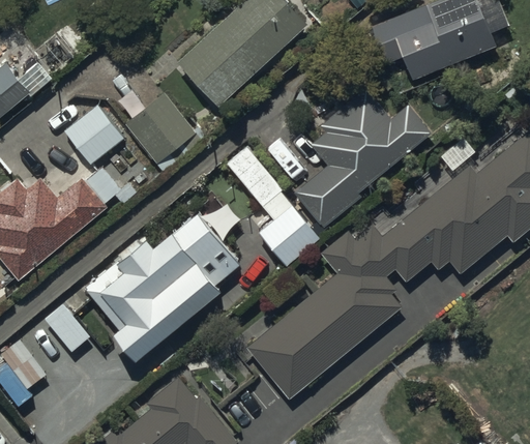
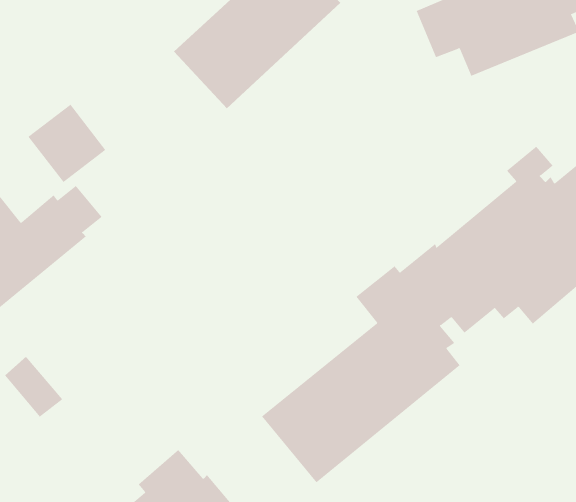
building: [120,85,200,169] -> none
building: [292,87,431,229] -> none
building: [225,142,320,264] -> none
building: [87,215,240,364] -> none

